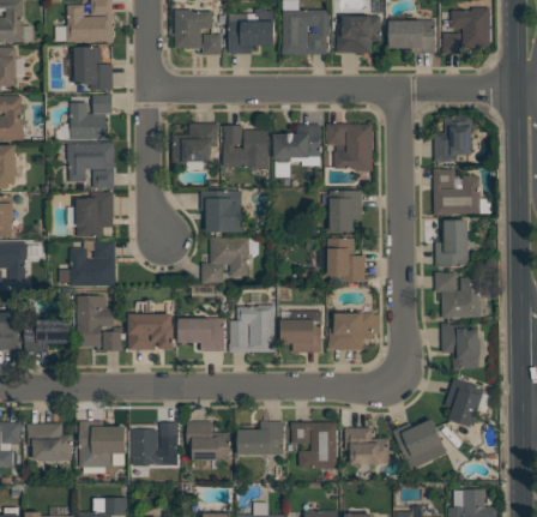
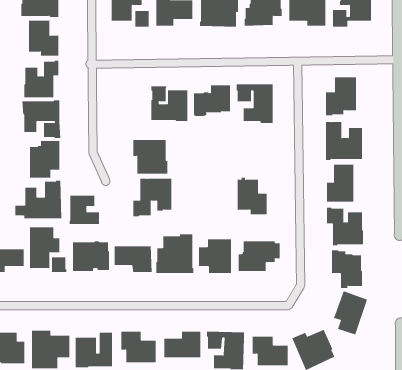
building: [171,122,219,162] -> none
building: [330,190,362,230] -> none
building: none -> [69,195,99,225]

